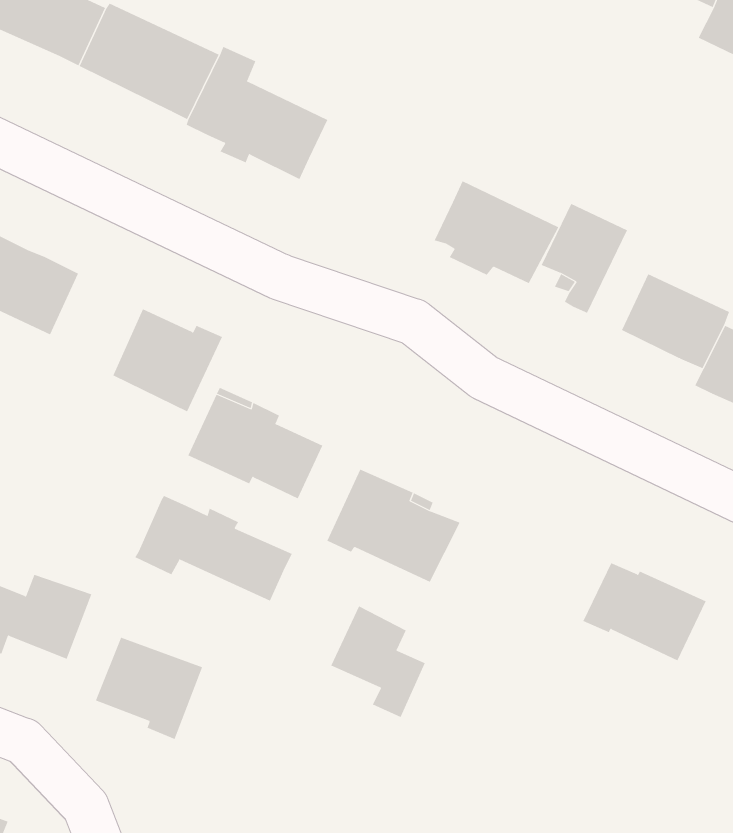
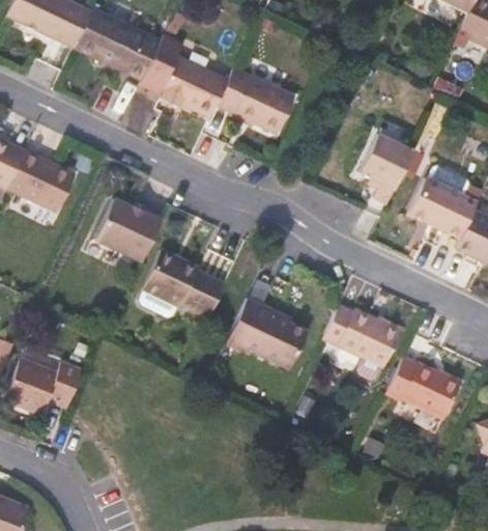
building: [434,180,559,284] -> [217,67,294,132]
building: none -> [323,307,401,367]
building: [135,495,292,601] -> none
building: [331,605,426,718] -> none
building: [95,637,203,740] -> none

